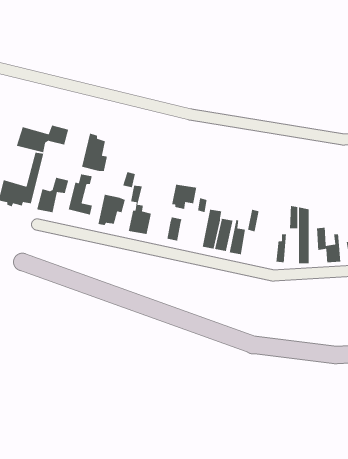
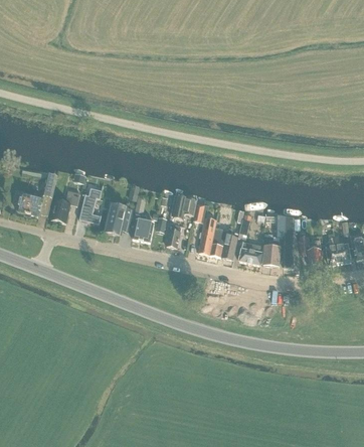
building: [16,125,69,153] -> none
building: [81,133,108,172] -> none
building: none -> [239,241,263,265]

